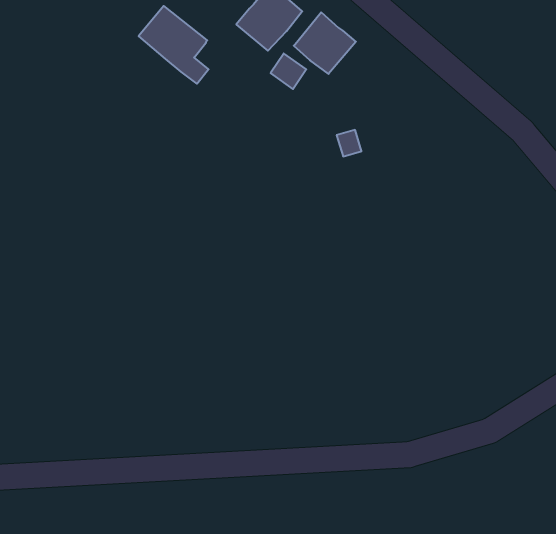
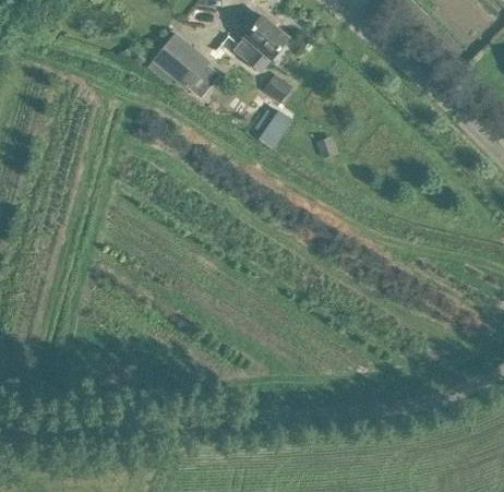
building: [294,12,356,74] -> none
building: none -> [254,108,291,146]

